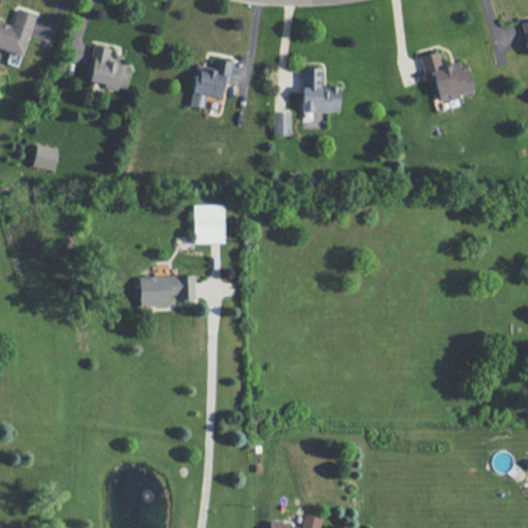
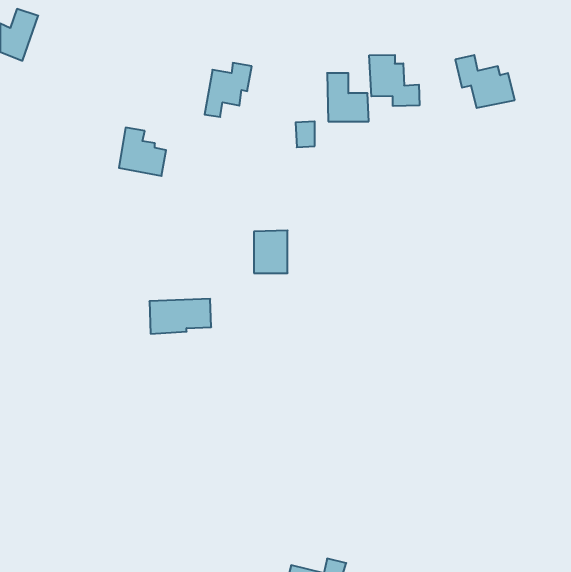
building: [89,46,132,91] -> [119,128,166,176]
building: none -> [369,55,419,106]
building: [33,145,59,172] -> none
building: [195,205,226,244] -> [254,230,288,273]

